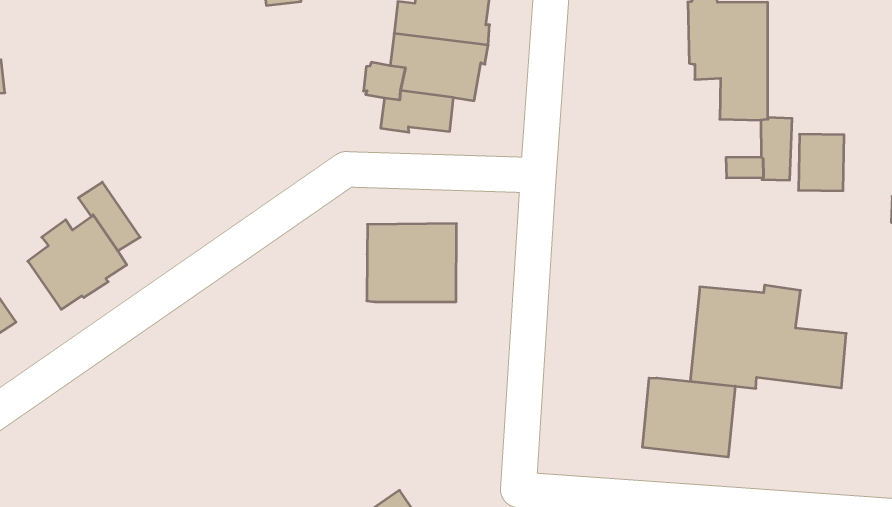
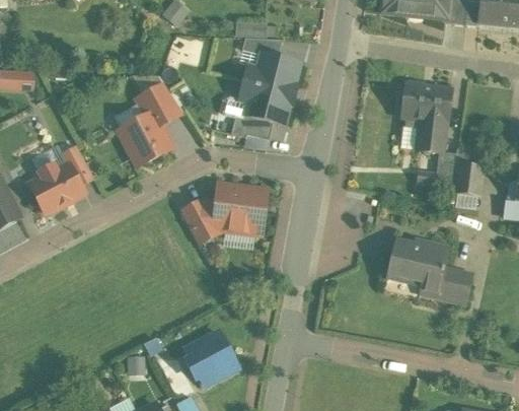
building: none -> [120,83,183,165]
building: none -> [180,199,217,243]
building: [643,378,735,457] -> none

